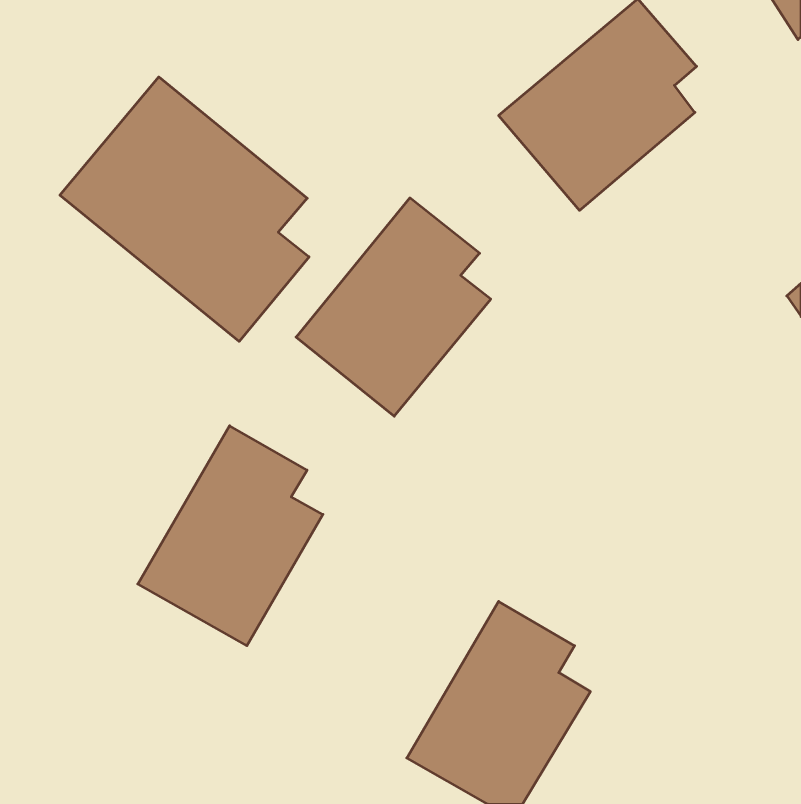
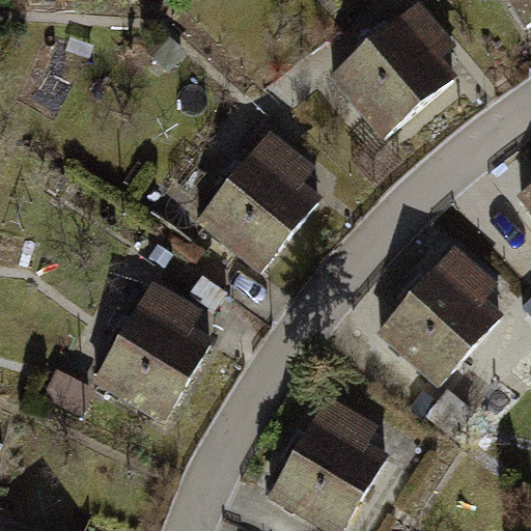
building: [60,77,309,341] -> none
building: none -> [374,244,503,387]

